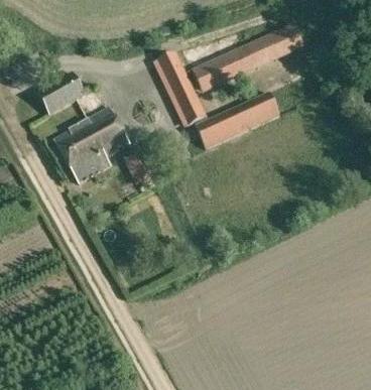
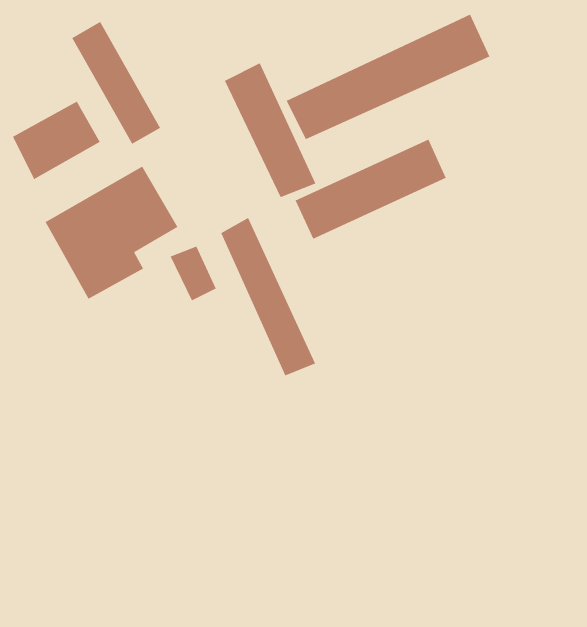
building: none -> [71,21,161,145]
building: none -> [220,217,316,376]

